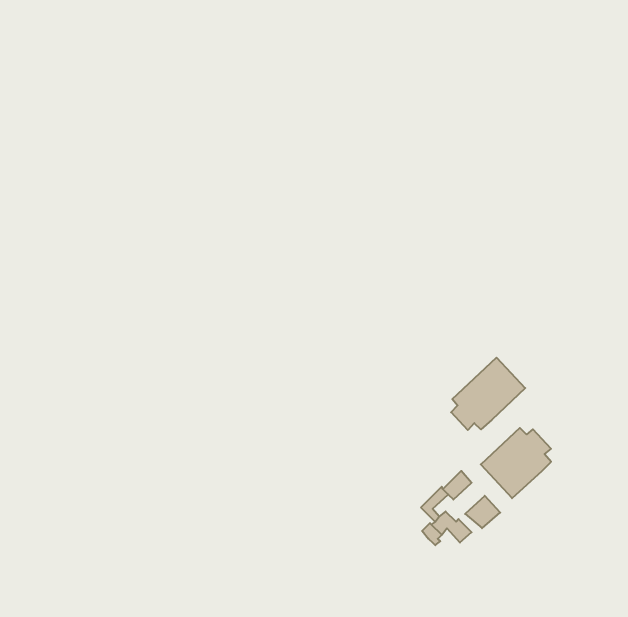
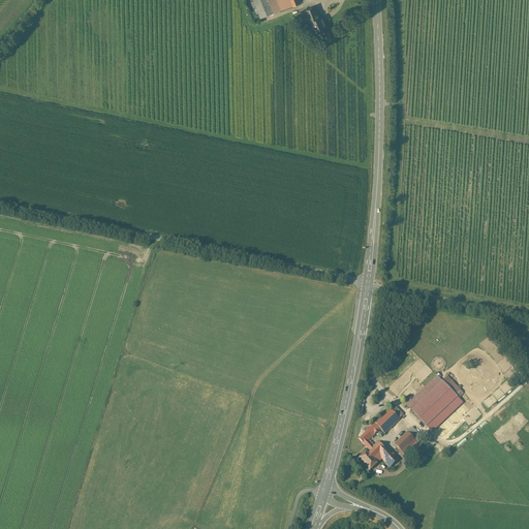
building: [451,358,525,430] -> none

